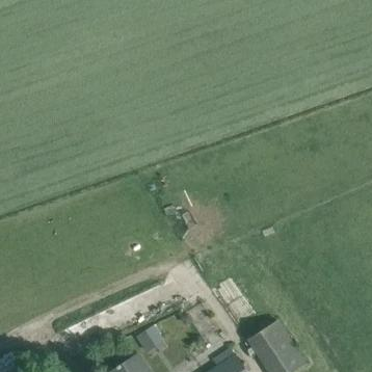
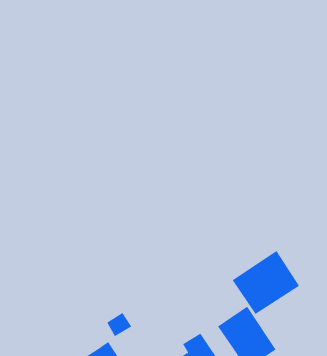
building: none -> [232,250,300,315]

